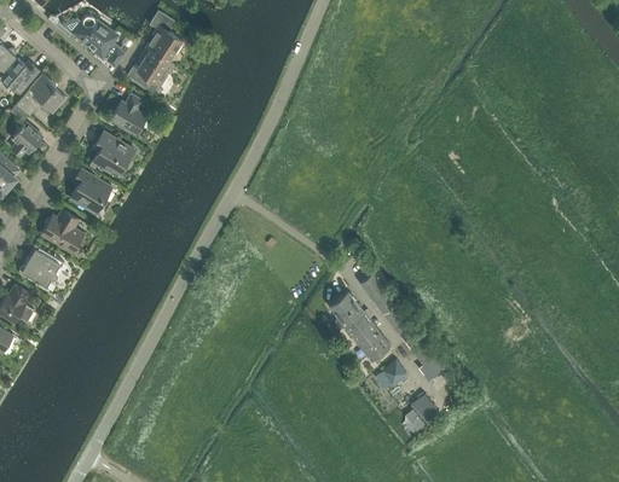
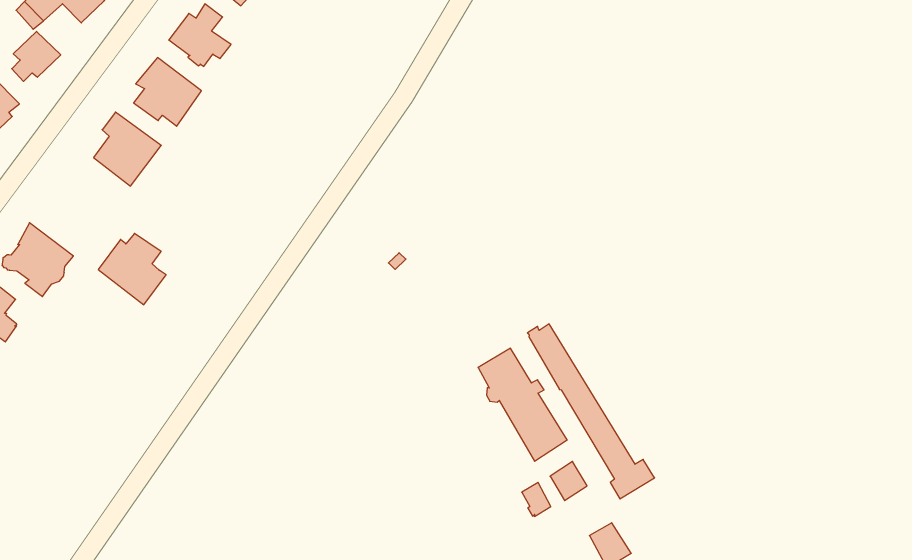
building: [41,210,85,255] -> [98,233,166,305]

